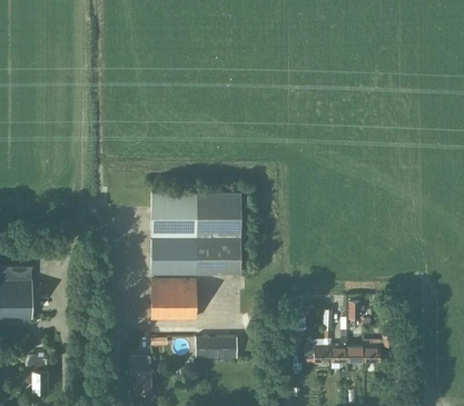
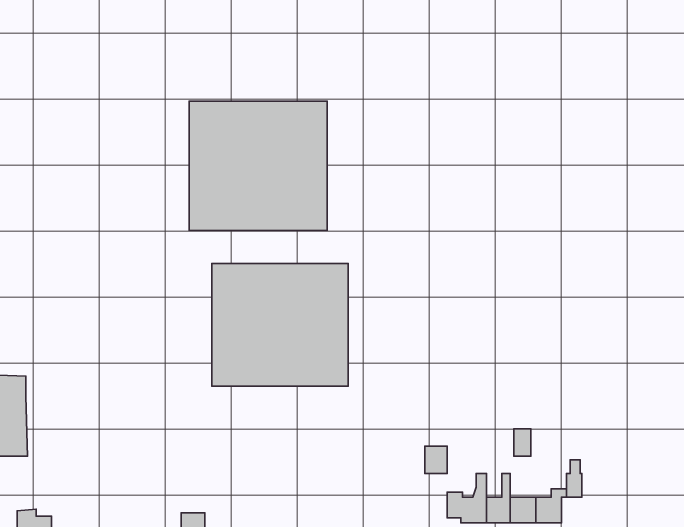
building: none -> [189,101,327,231]
building: [151,280,195,319] -> none
building: [195,336,237,359] -> none

